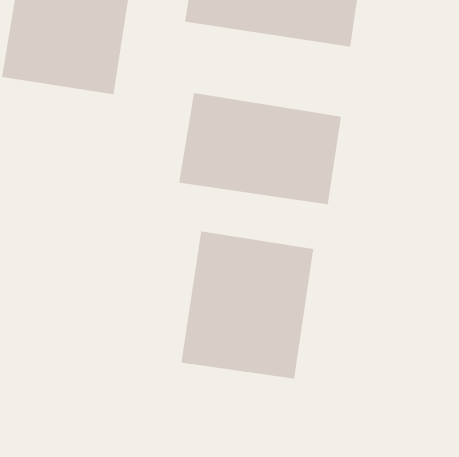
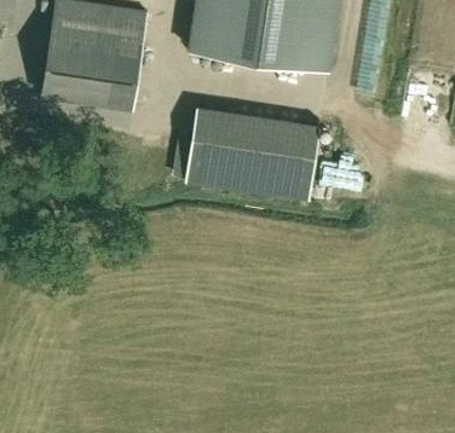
building: [180,230,314,379] -> none

